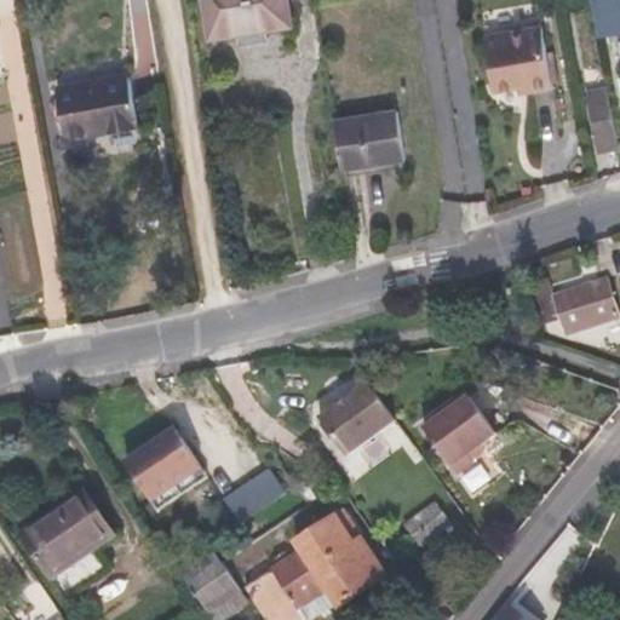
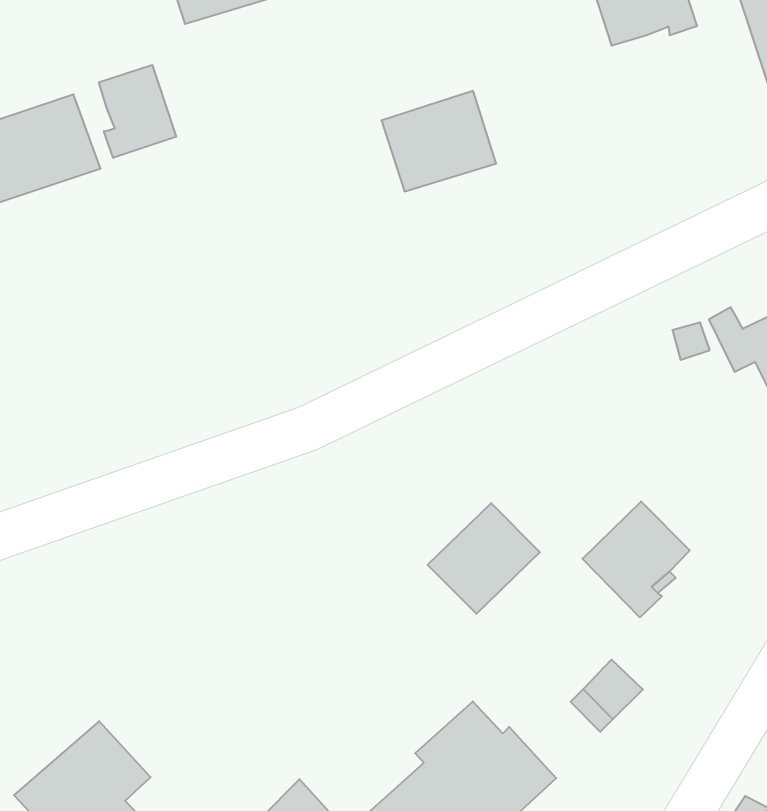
building: none -> [99,65,176,158]
building: [126,432,199,500] -> none
building: [229,478,285,527] -> none

